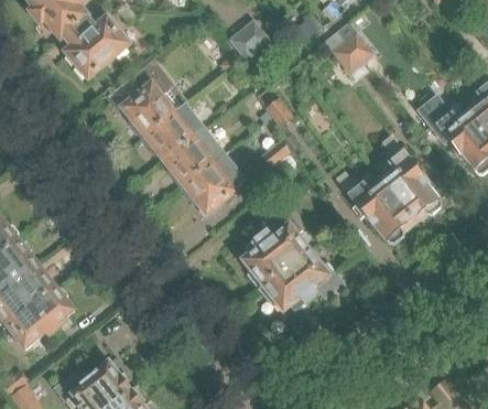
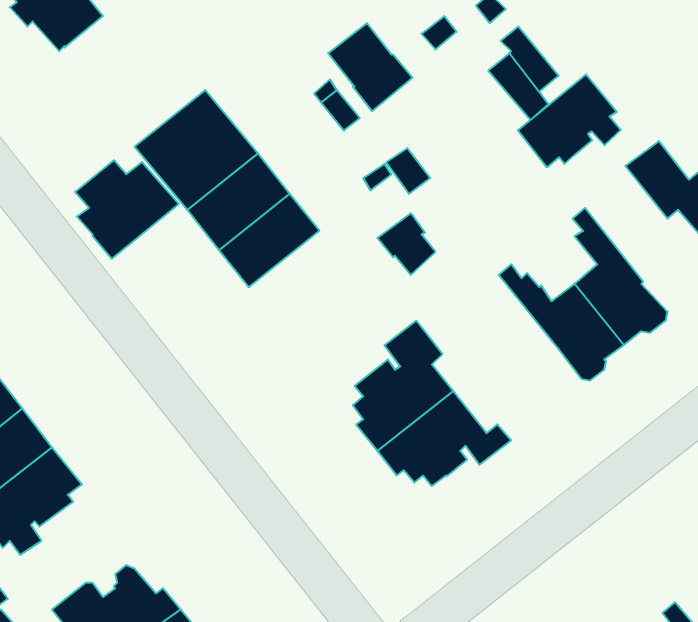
building: [64,15,129,77] -> [75,160,179,259]
building: none -> [518,74,621,167]
building: [180,150,247,212] -> none

